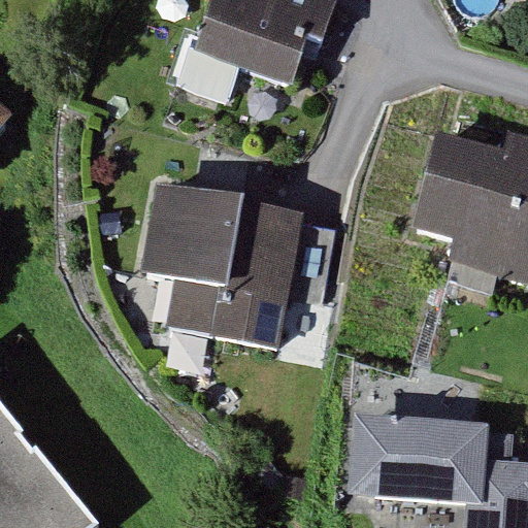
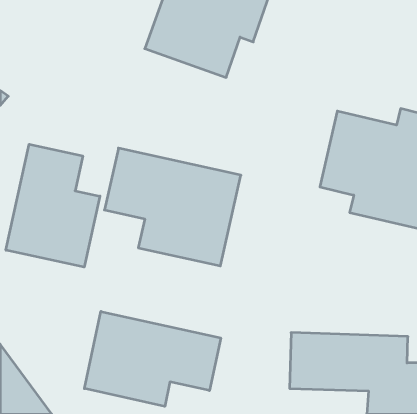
building: none -> [6,144,100,267]
building: none -> [84,311,221,406]

